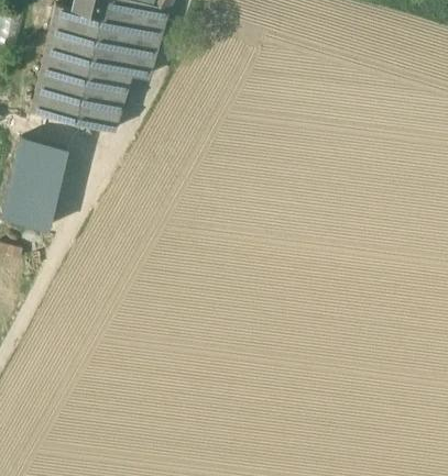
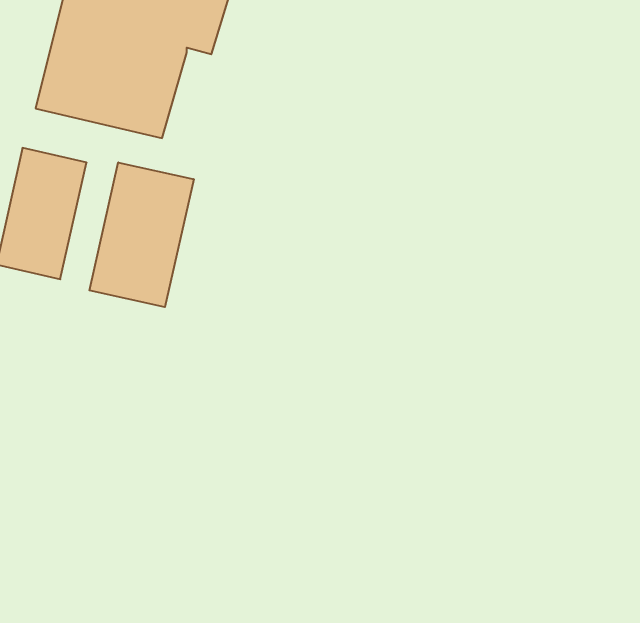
building: none -> [89,162,194,307]

